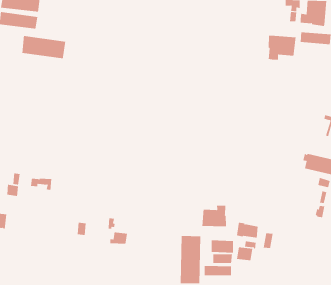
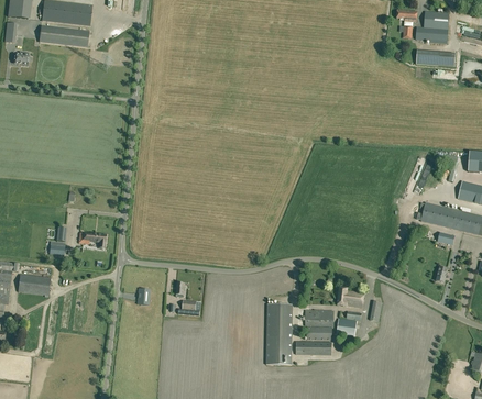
building: [268,35,296,60] -> none
building: [22,35,66,59] -> none
building: [202,205,227,227] -> none

